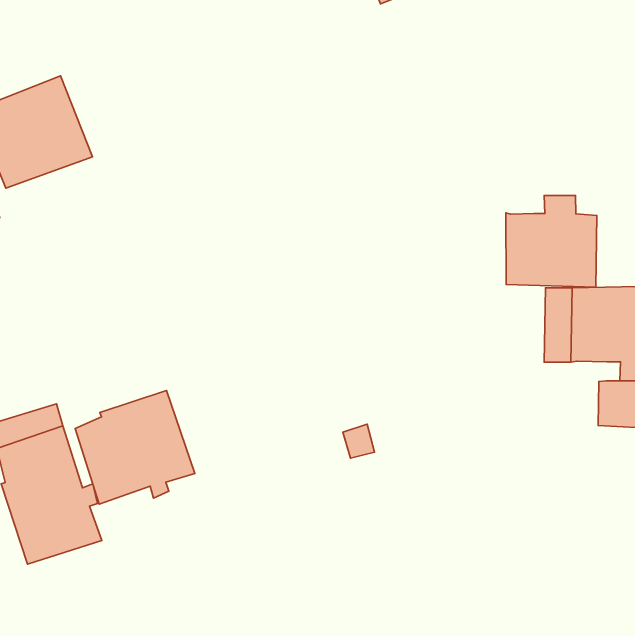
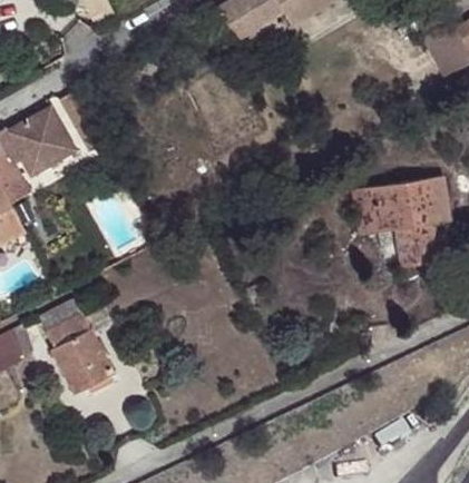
building: [506,195,597,287] -> none
building: [75,390,195,504] -> none

